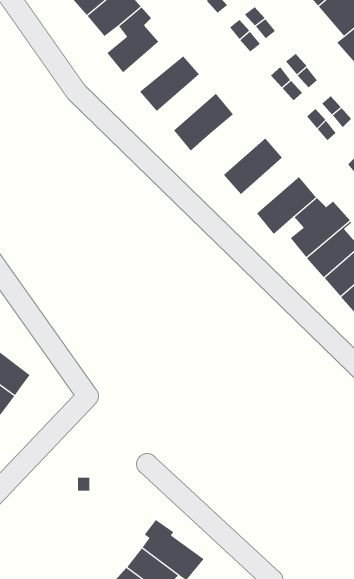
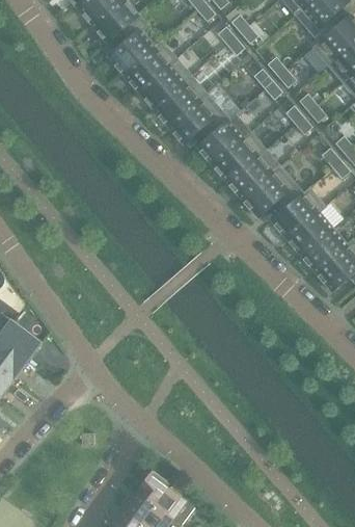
building: none -> [121,41,175,90]
building: none -> [152,75,204,125]
building: none -> [195,110,248,164]
building: none -> [226,149,278,199]

